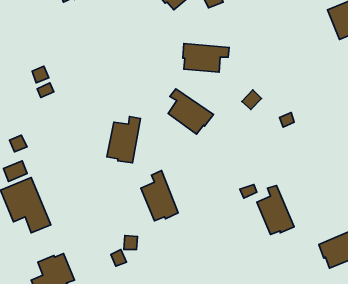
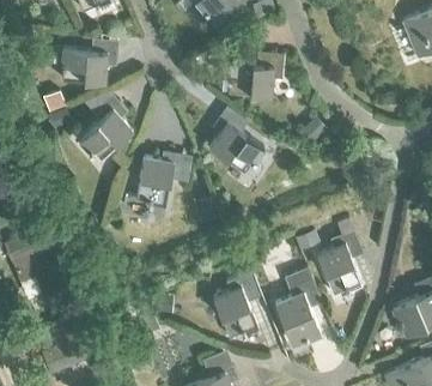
building: none -> [61,49,117,84]
building: none -> [78,102,133,161]
building: [141,170,178,221] -> [213,277,258,338]
building: none -> [275,283,321,344]

